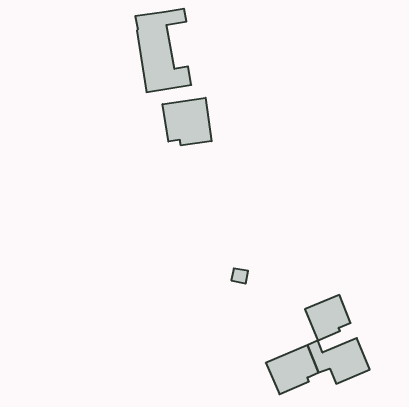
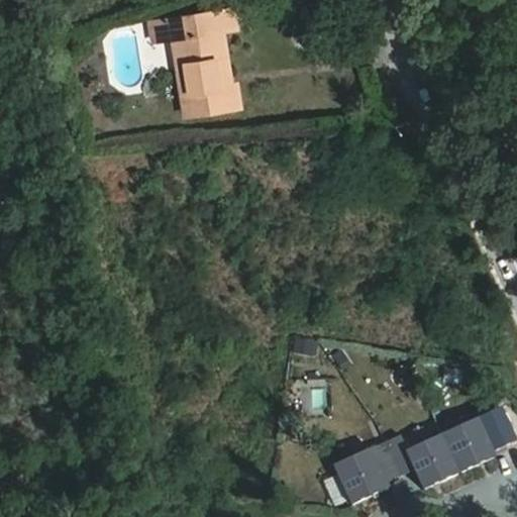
building: [163,98,212,145] -> none
building: [305,295,351,341] -> [450,411,508,469]

